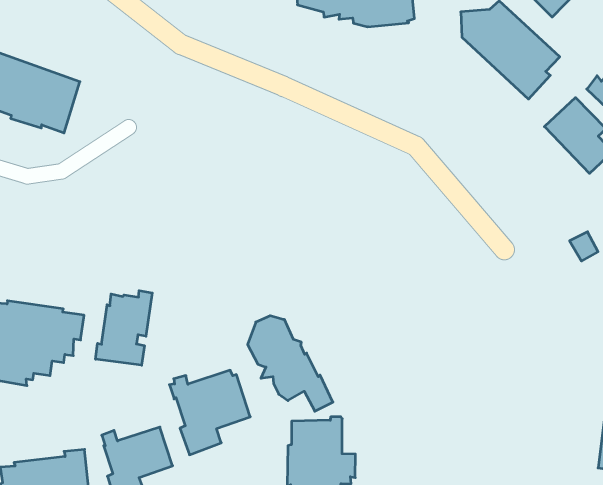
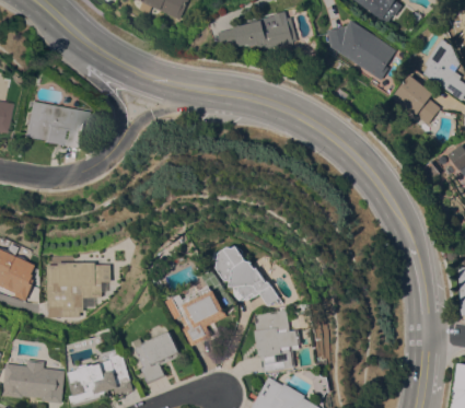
building: [96,291,152,365] -> none

